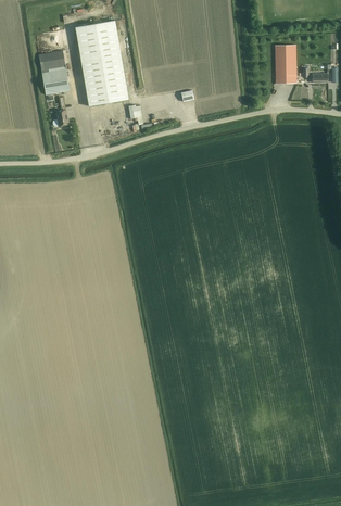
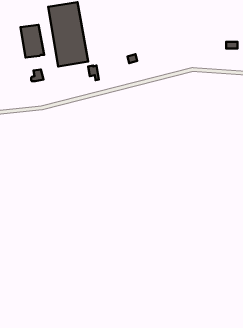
building: [274,43,295,83] -> none

